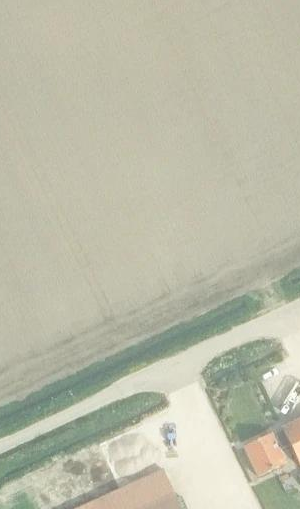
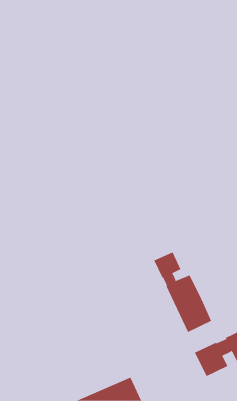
building: none -> [153,252,212,333]

